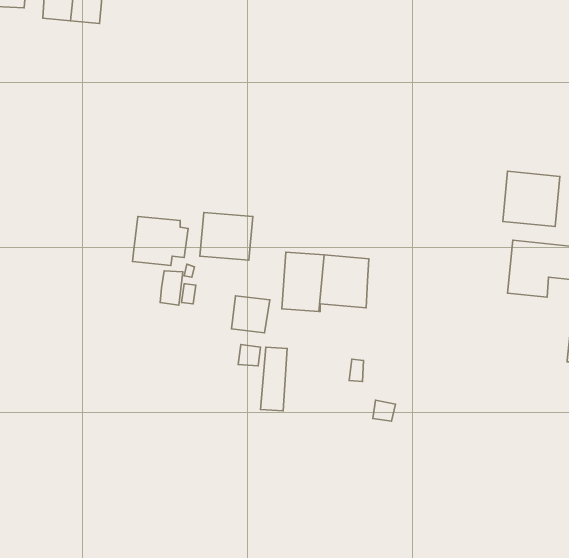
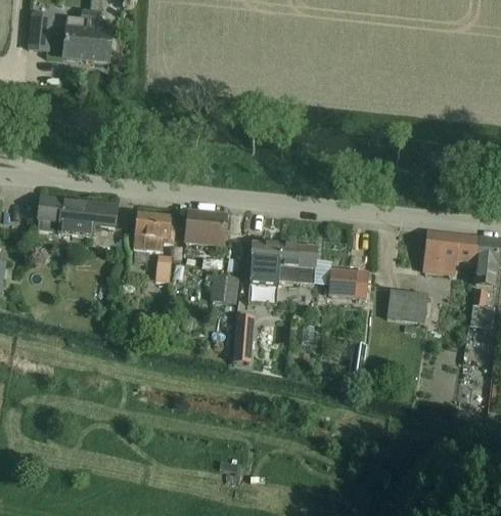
building: [503,171,560,227] -> none
building: none -> [37,195,119,235]
building: none -> [314,262,366,297]
building: none -> [388,289,428,321]

